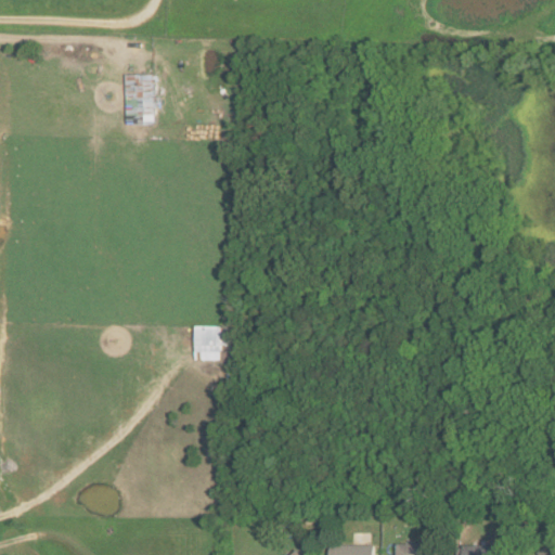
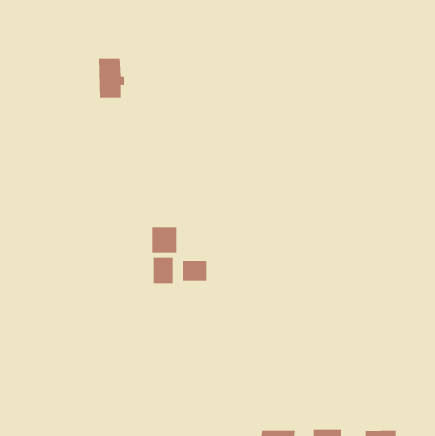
building: none -> [152,227,177,253]
building: none -> [182,260,207,282]

